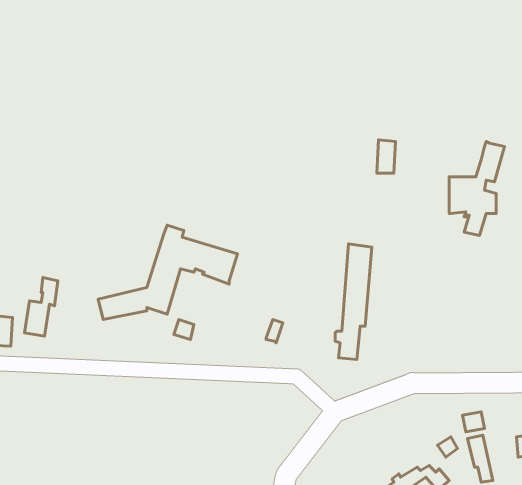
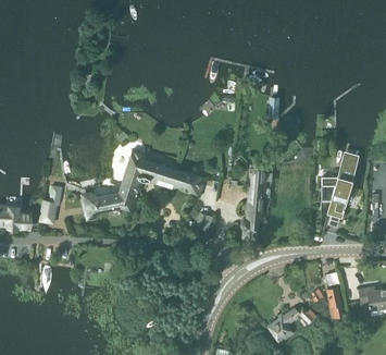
building: [449,141,505,235] -> [321,154,357,215]
building: none -> [173,170,201,194]

